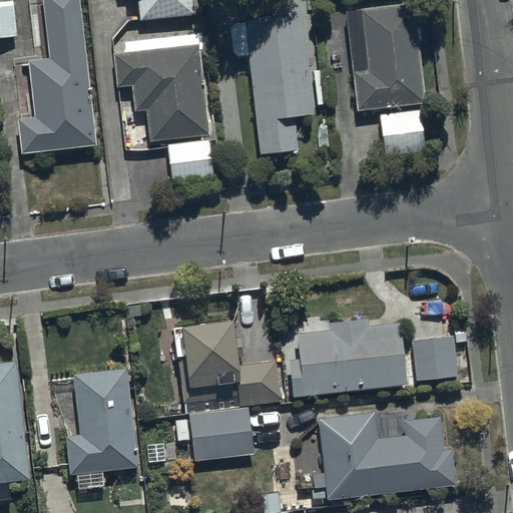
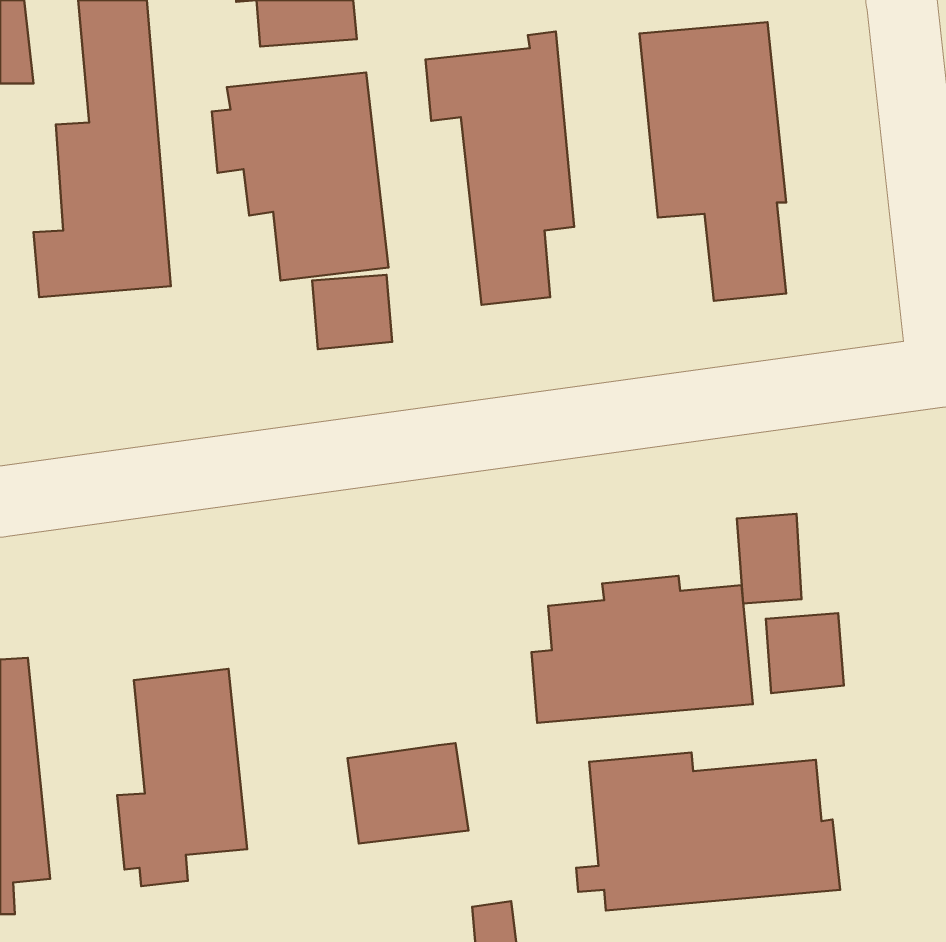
building: none -> [737,514,801,604]
building: [172,311,281,406] -> none

